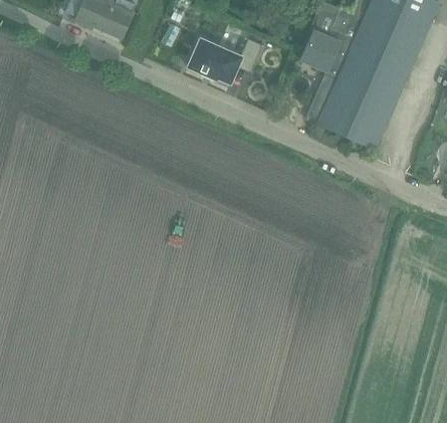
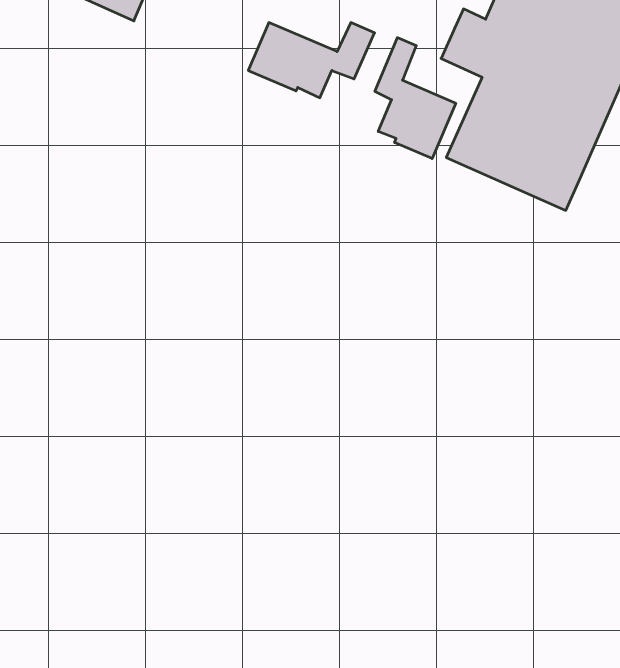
building: none -> [375,38,456,159]

